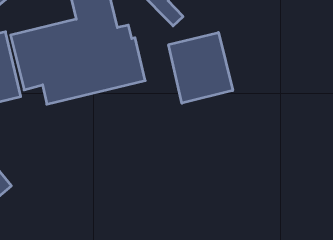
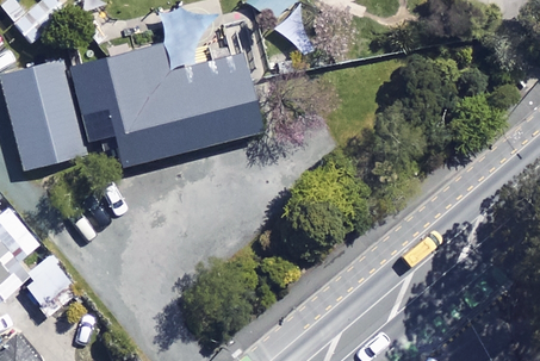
building: [169,32,233,103] -> none

